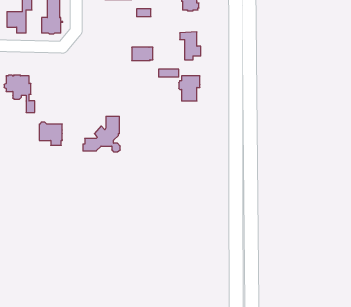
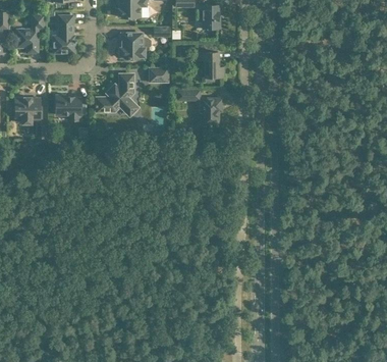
building: none -> [118,33,151,57]
building: [83,116,120,152] -> [95,73,134,111]
building: [39,122,62,145] -> [56,95,80,119]

